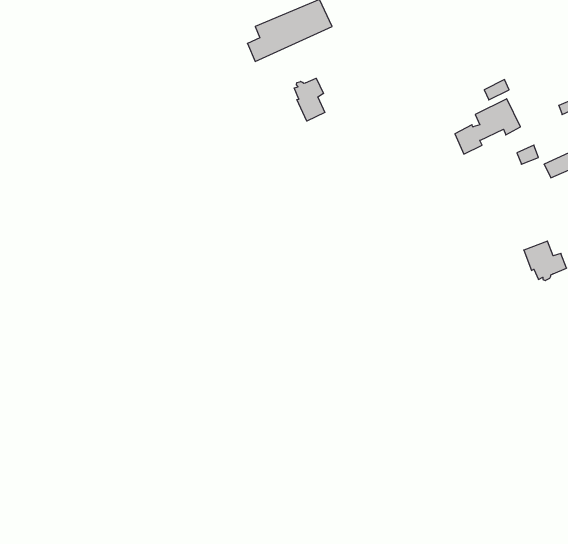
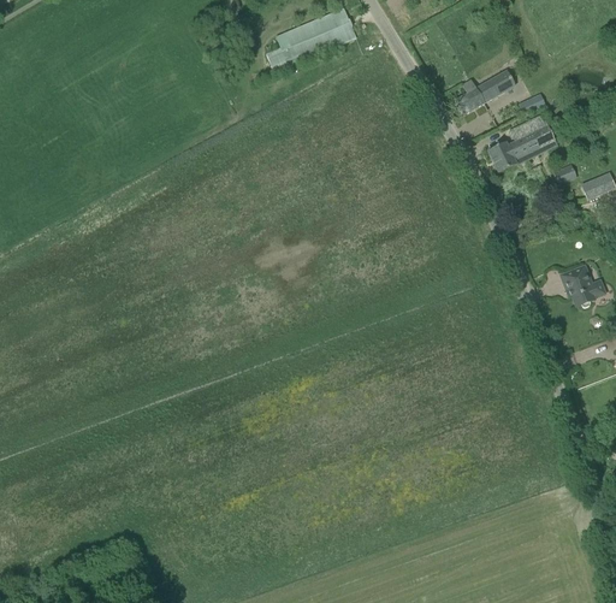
building: none -> [455,70,514,114]
building: [294,78,325,121] -> none

